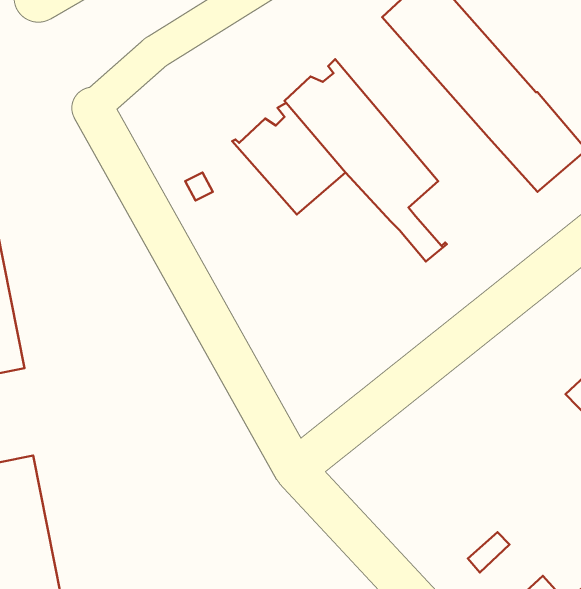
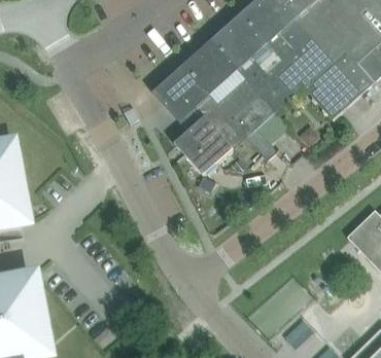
building: none -> [211,14,303,111]
building: none -> [175,106,245,175]

